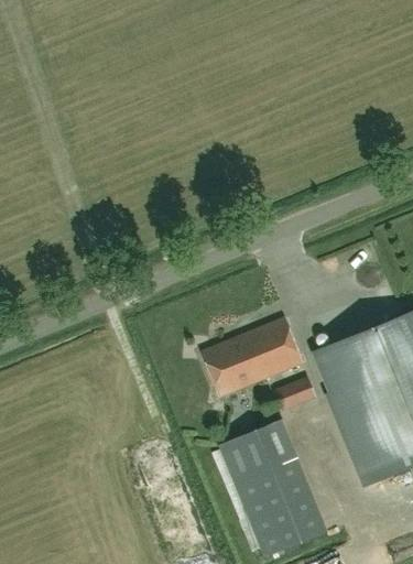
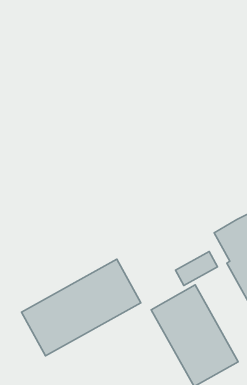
building: [200,317,301,397] -> none
building: none -> [22,259,141,356]

